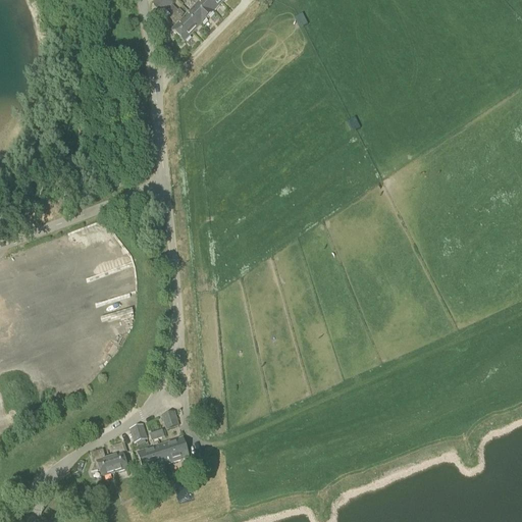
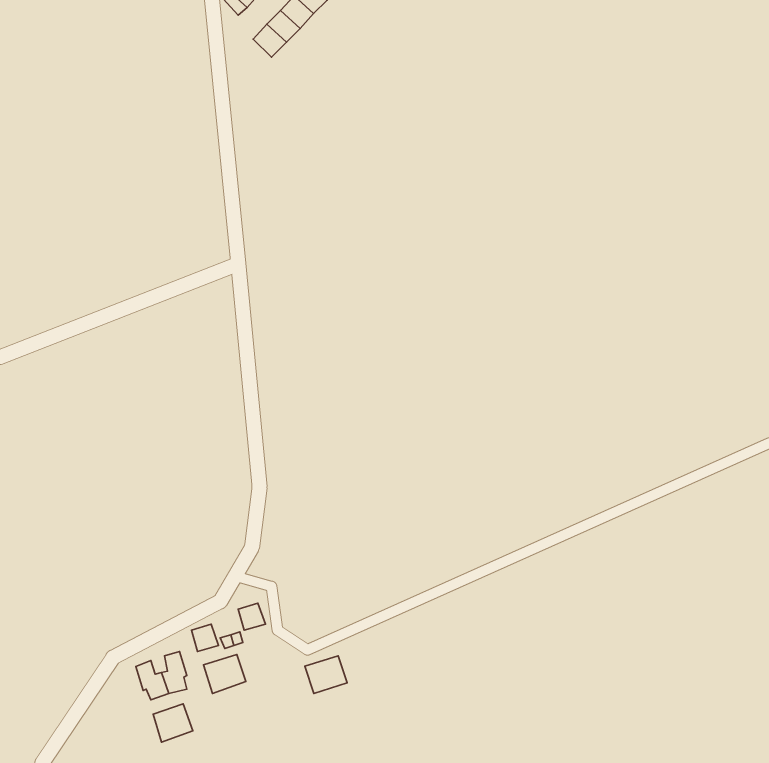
building: [160,435,189,461] -> [305,656,347,693]
building: none -> [153,704,193,742]

